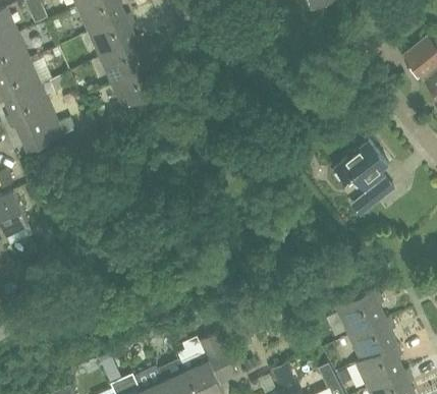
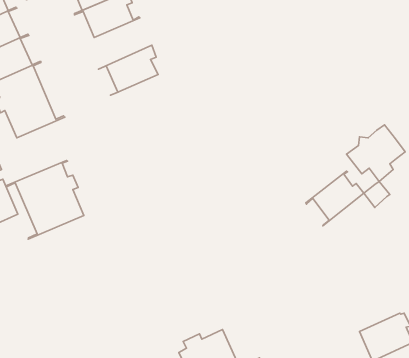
building: [92,41,153,89] -> none
building: none -> [6,160,84,239]
building: none -> [306,171,364,226]
building: [335,287,385,334] -> none

